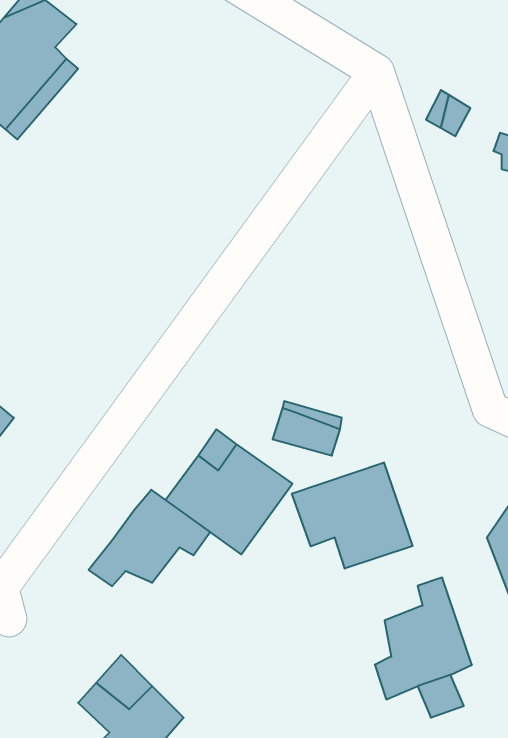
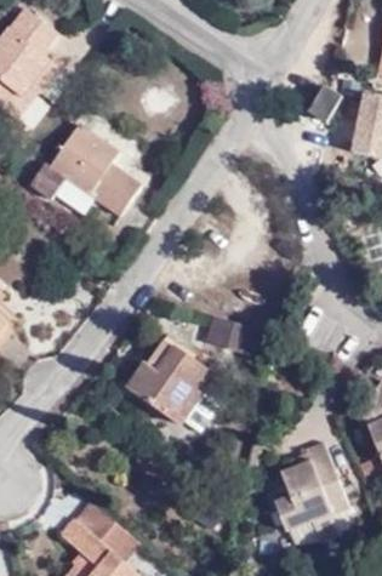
building: none -> [28,125,138,216]
building: [292,462,413,569] -> none
building: [89,490,210,586] -> none

